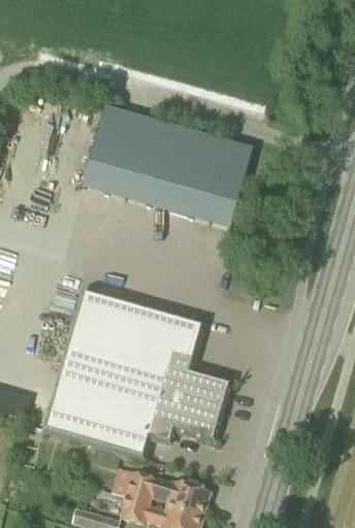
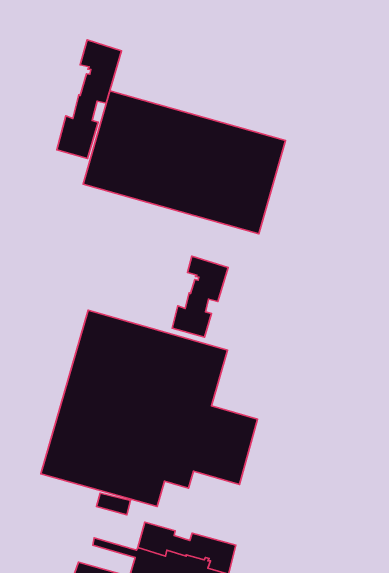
building: none -> [57,40,122,159]
building: none -> [172,256,228,337]

